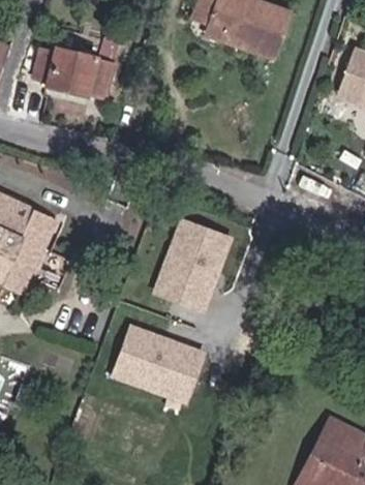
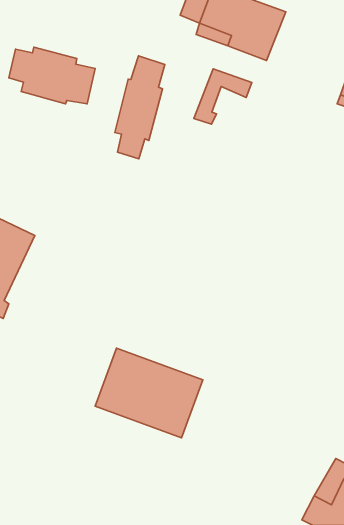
building: none -> [115,56,165,159]
building: none -> [194,69,252,124]
building: [153,216,235,311] -> none

